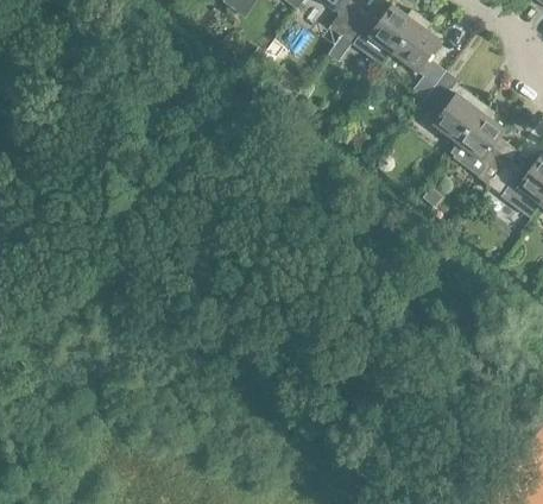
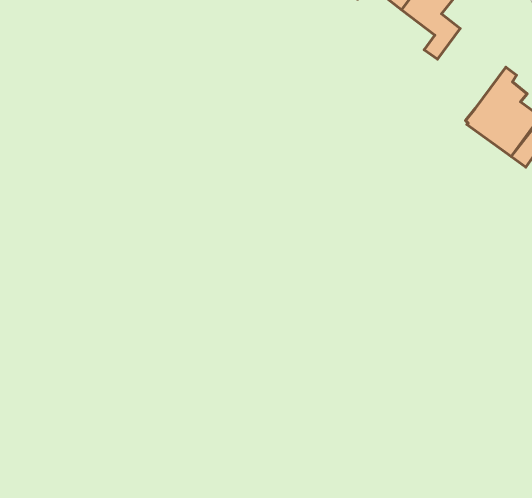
building: [424,73,485,144] -> none

